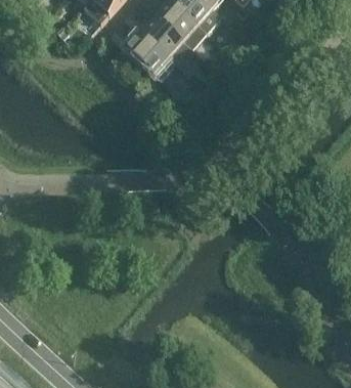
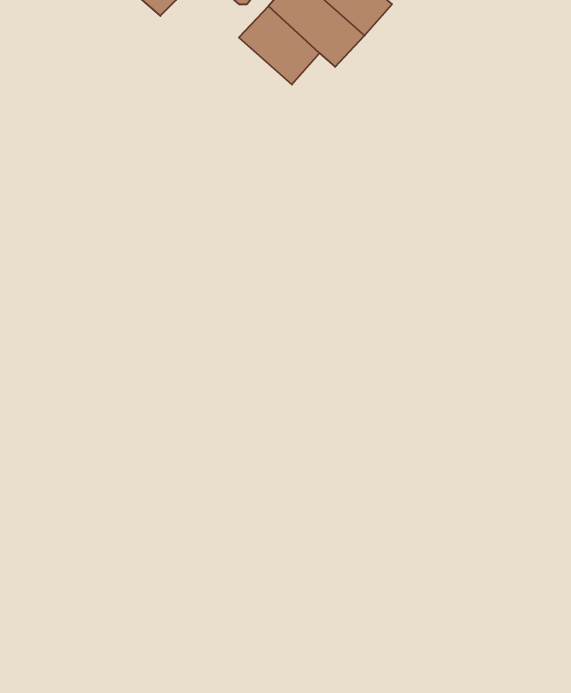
building: [109,26,176,78] -> none

